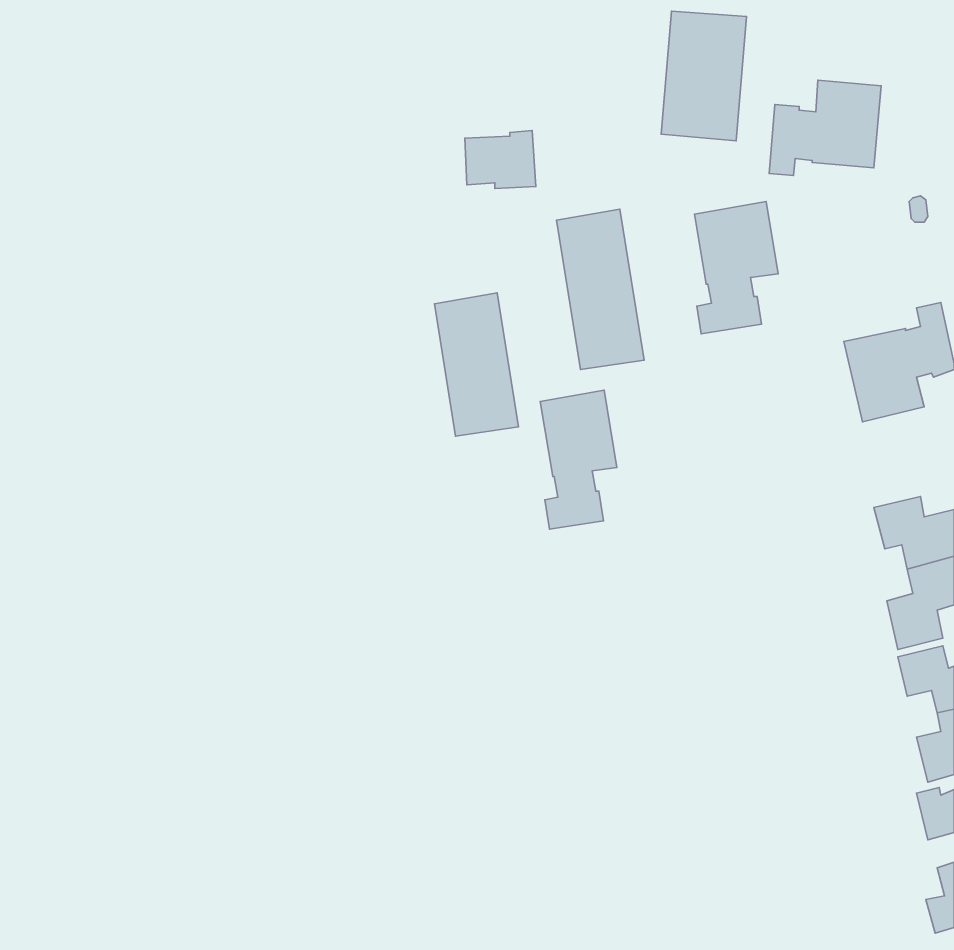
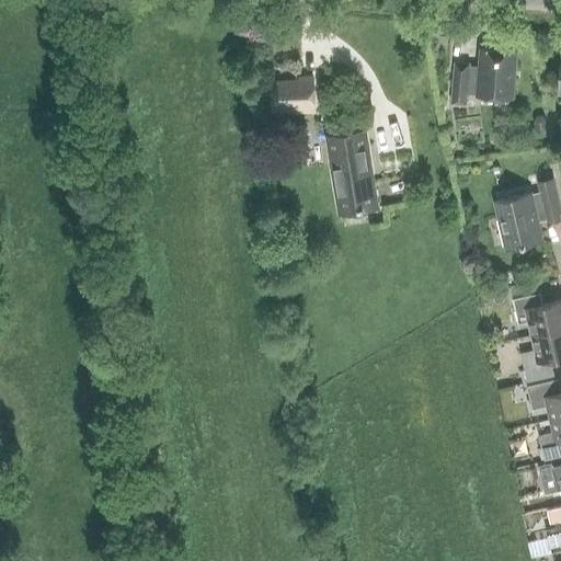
building: [661,11,746,141] -> none
building: [694,202,778,334] -> none
building: [434,293,519,436] -> none
building: [540,390,617,529] -> none

